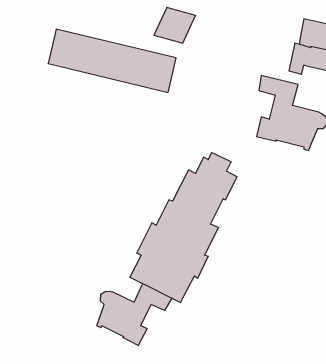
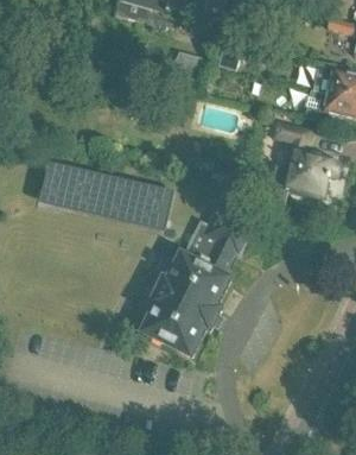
building: [48,29,176,92] -> [37,159,169,225]
building: [97,284,172,346] -> none

